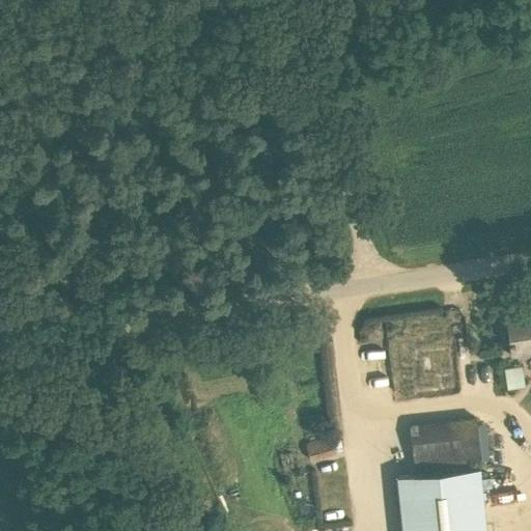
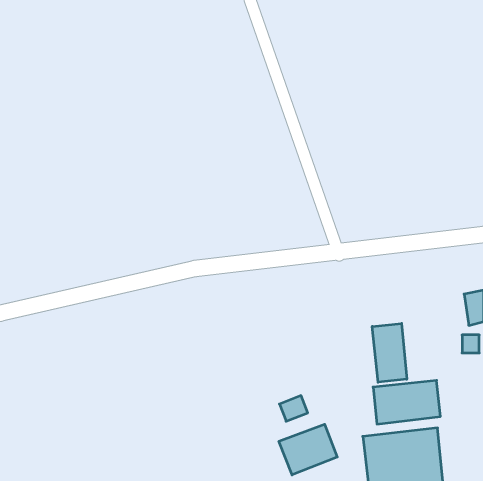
building: none -> [372,323,407,382]
building: none -> [279,424,337,475]

